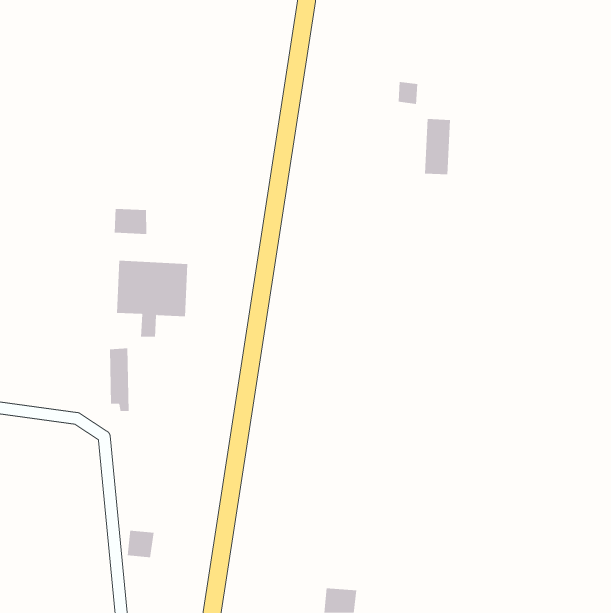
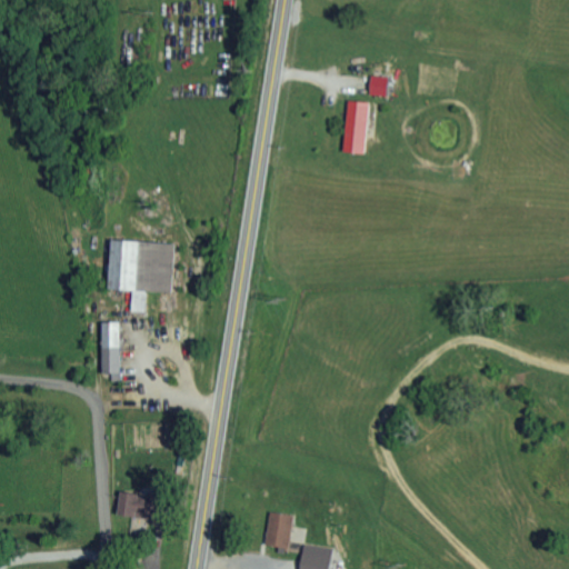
building: [424,118,451,175] -> [343,101,368,153]
building: [114,208,147,235] -> none
building: none -> [266,511,292,547]

